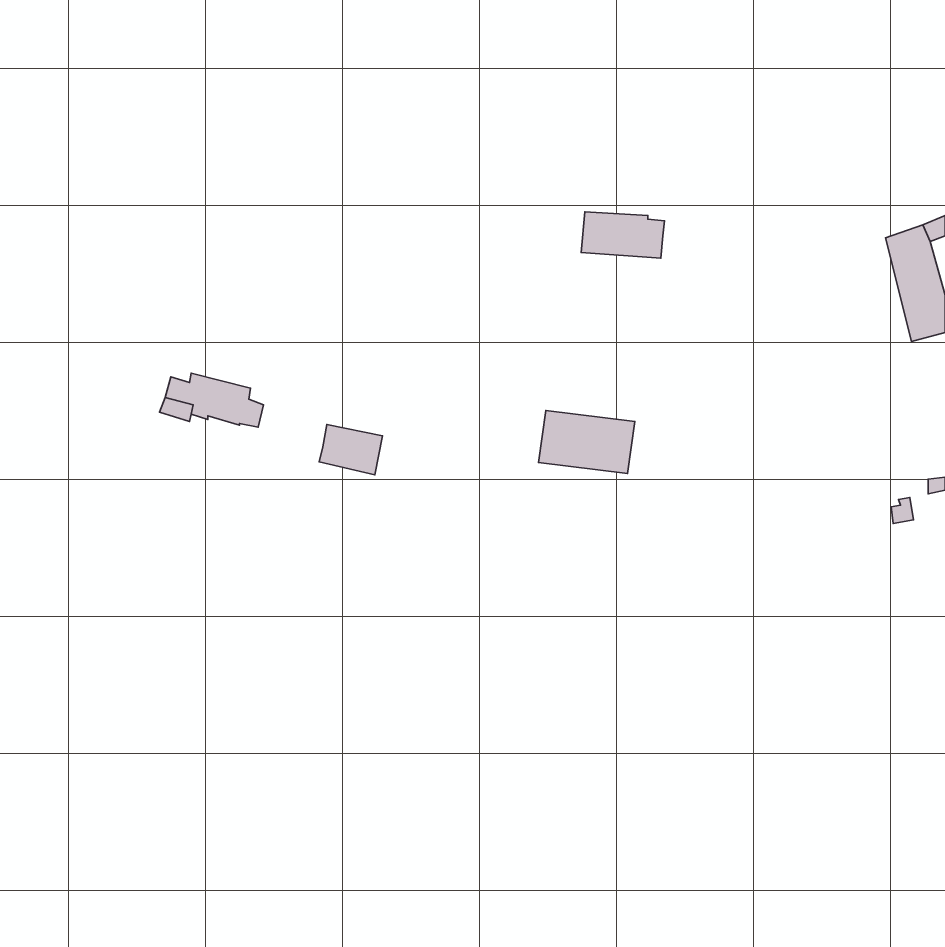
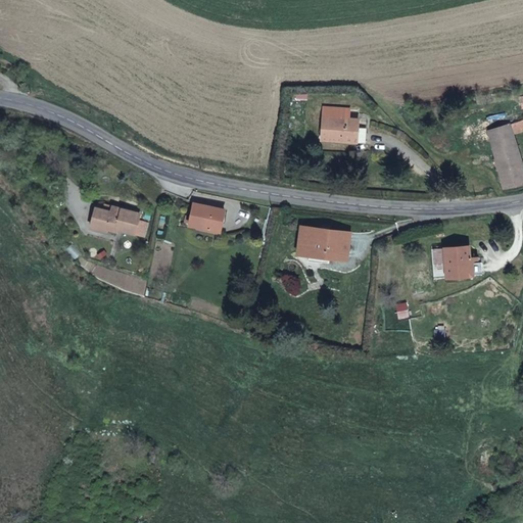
building: [319,425,382,475] -> [188,203,223,231]
building: none -> [443,246,479,277]

